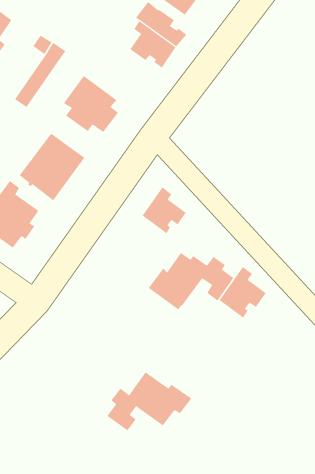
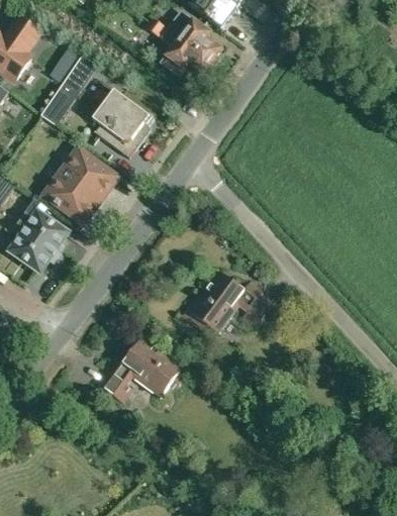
building: [142,187,187,234] -> none
building: [219,266,266,319] -> none
building: [107,371,192,431] -> [101,337,191,400]

